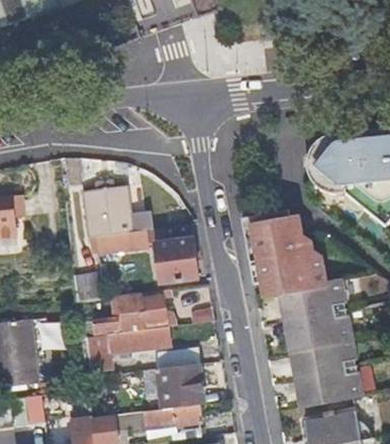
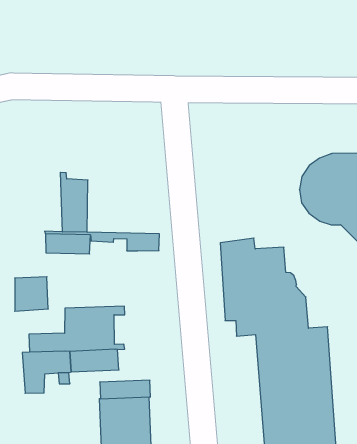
building: [83,180,109,249] -> none
building: [156,237,198,281] -> none

